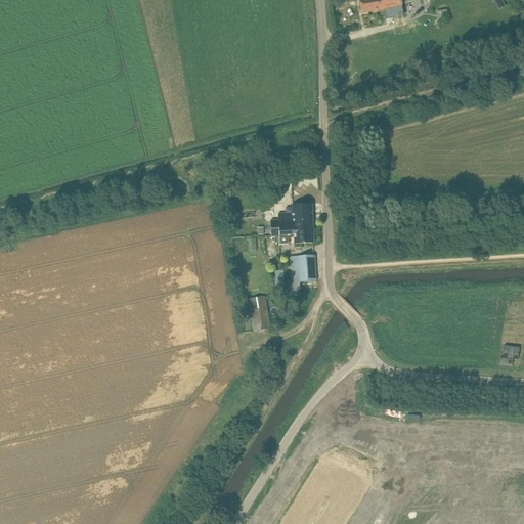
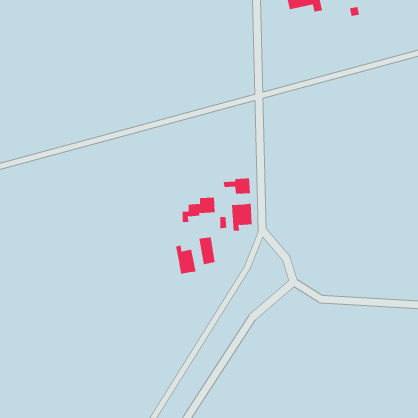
building: [270,203,312,234] -> [182,197,216,222]
building: none -> [175,245,196,275]

